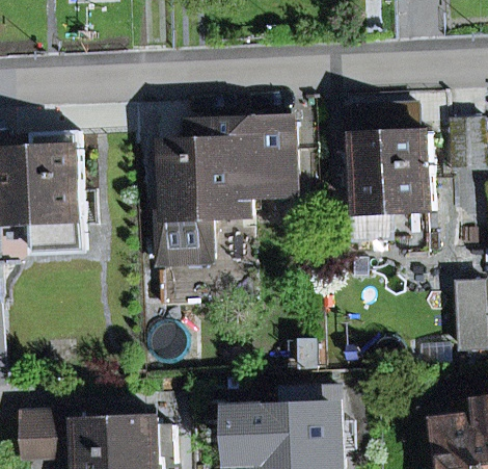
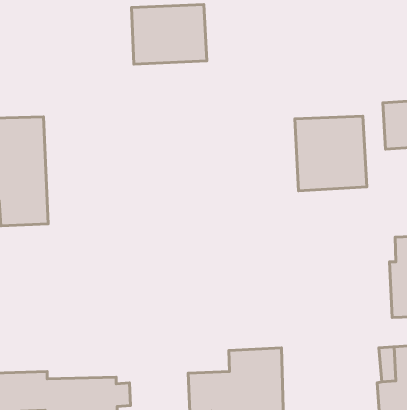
building: none -> [132,4,207,64]
building: [153,120,293,262] -> none

